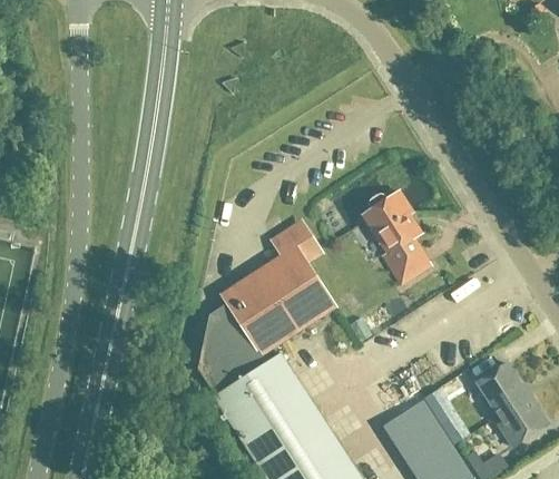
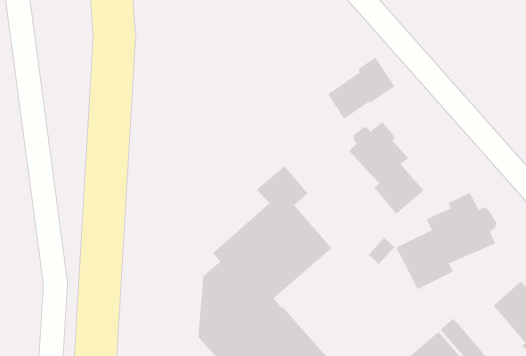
building: none -> [327,57,396,120]
building: none -> [395,192,497,290]

